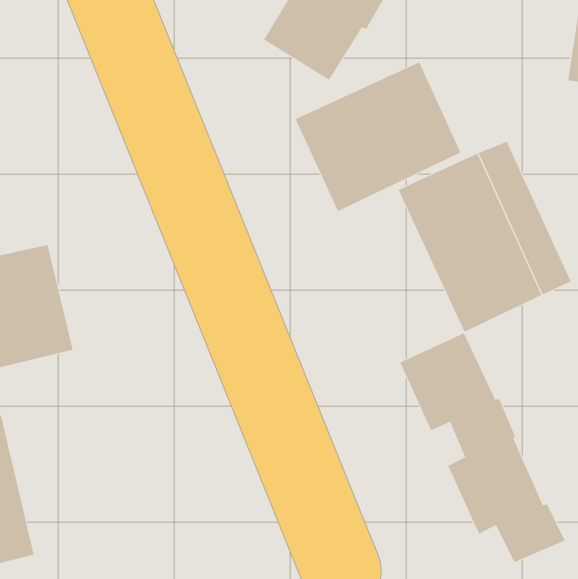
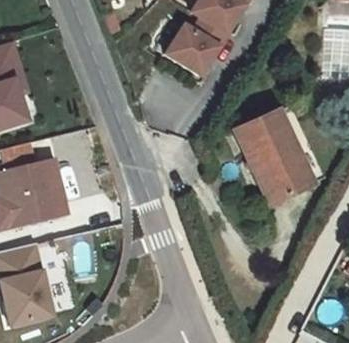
building: [295,61,461,212] -> none
building: [400,332,565,563] -> none

